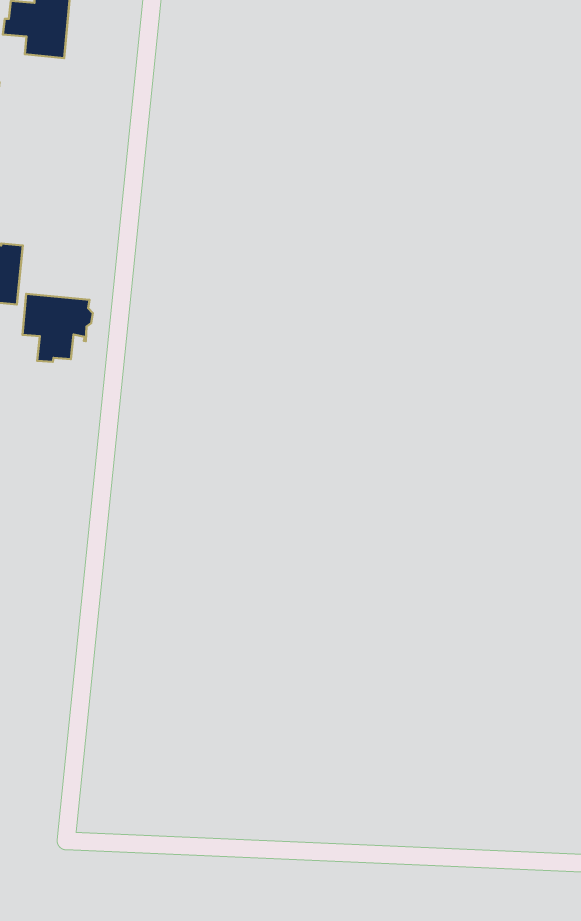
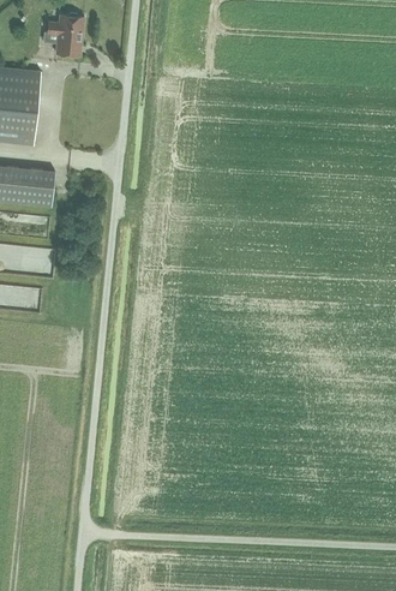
building: [23,294,93,362] -> none

